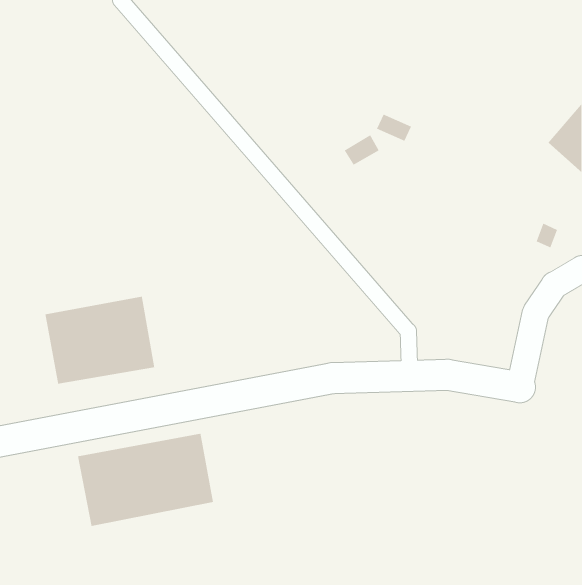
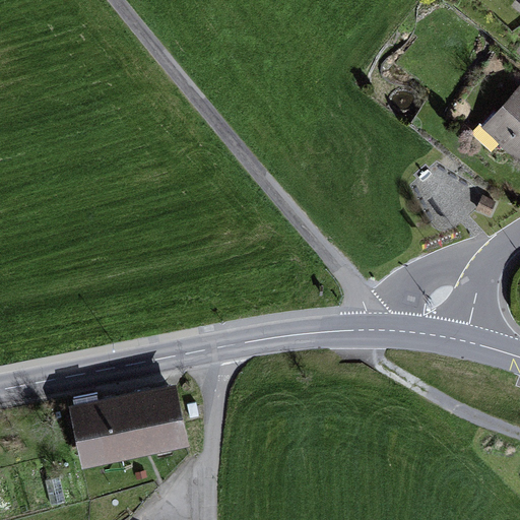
building: [45,296,155,385] -> none

